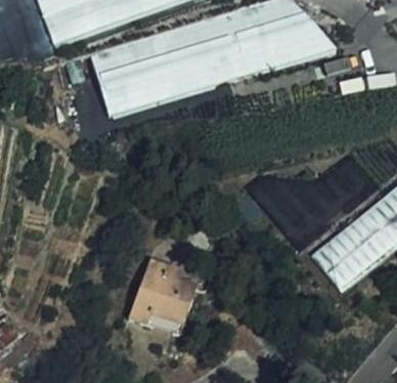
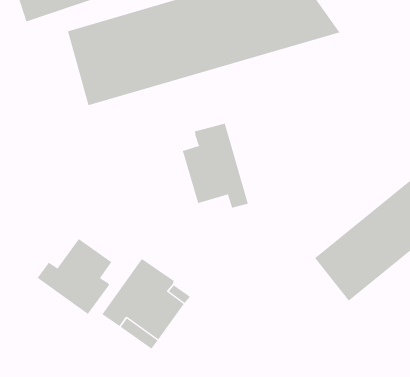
building: none -> [182,123,249,209]
building: none -> [37,238,112,315]

